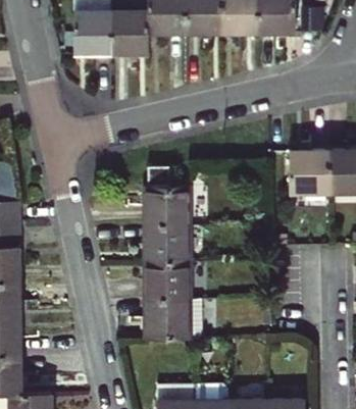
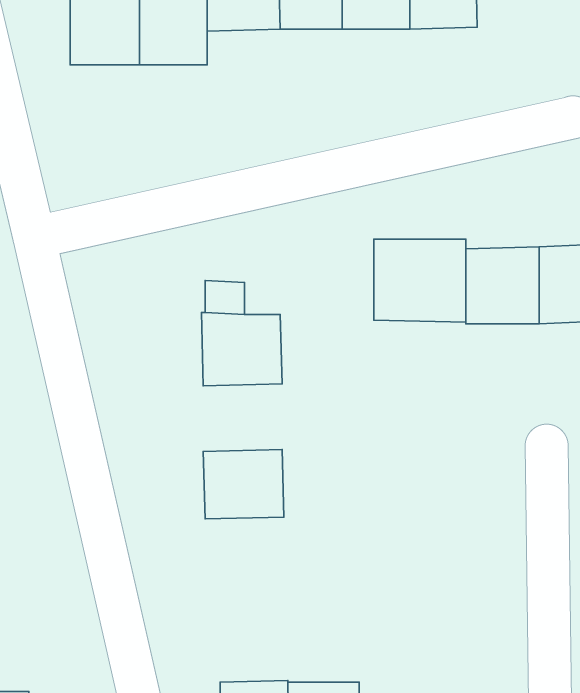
building: none -> [374,239,466,322]
building: [146,225,189,262] -> none
building: [147,298,207,339] -> none

